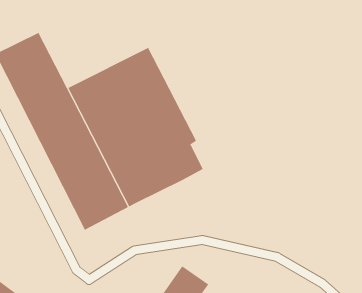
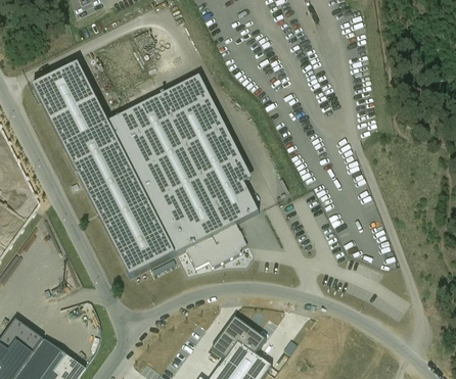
building: none -> [185,223,246,268]

